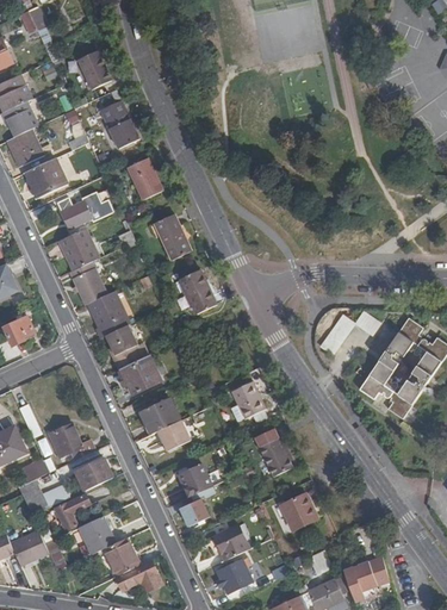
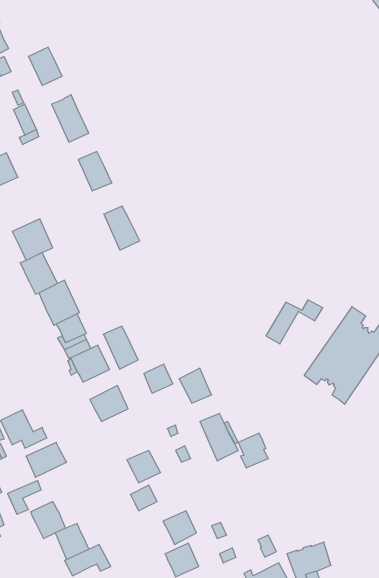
building: [56,194,112,229] -> none
building: [180,269,216,313] -> [103,326,138,369]
building: [159,422,188,452] -> [144,364,173,393]
building: [285,496,316,531] -> [238,433,268,468]

